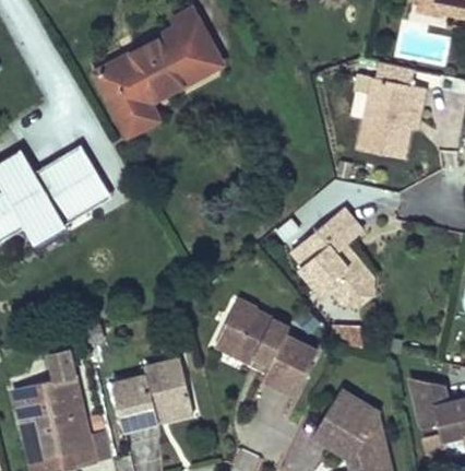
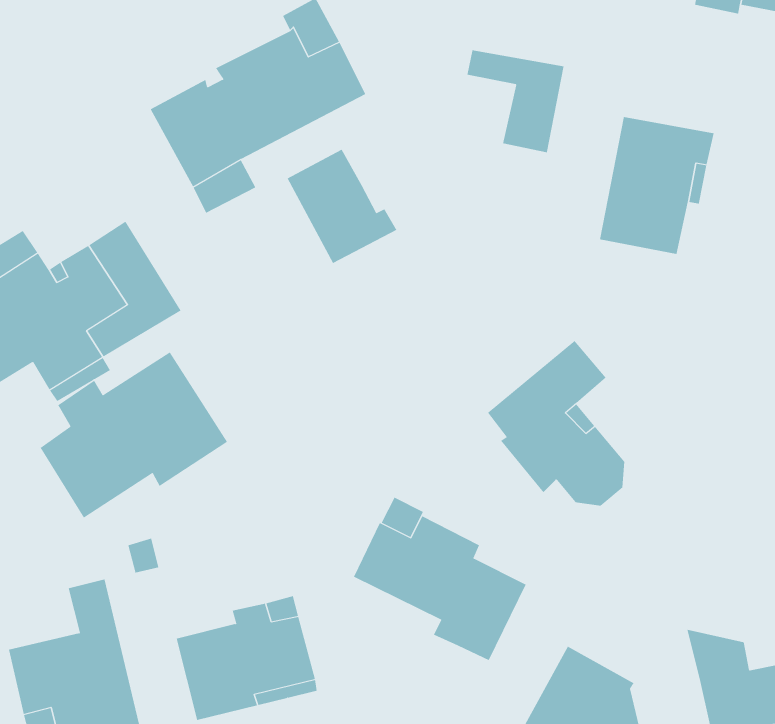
building: none -> [467,49,564,153]
building: none -> [287,149,397,264]
building: none -> [40,352,228,518]

